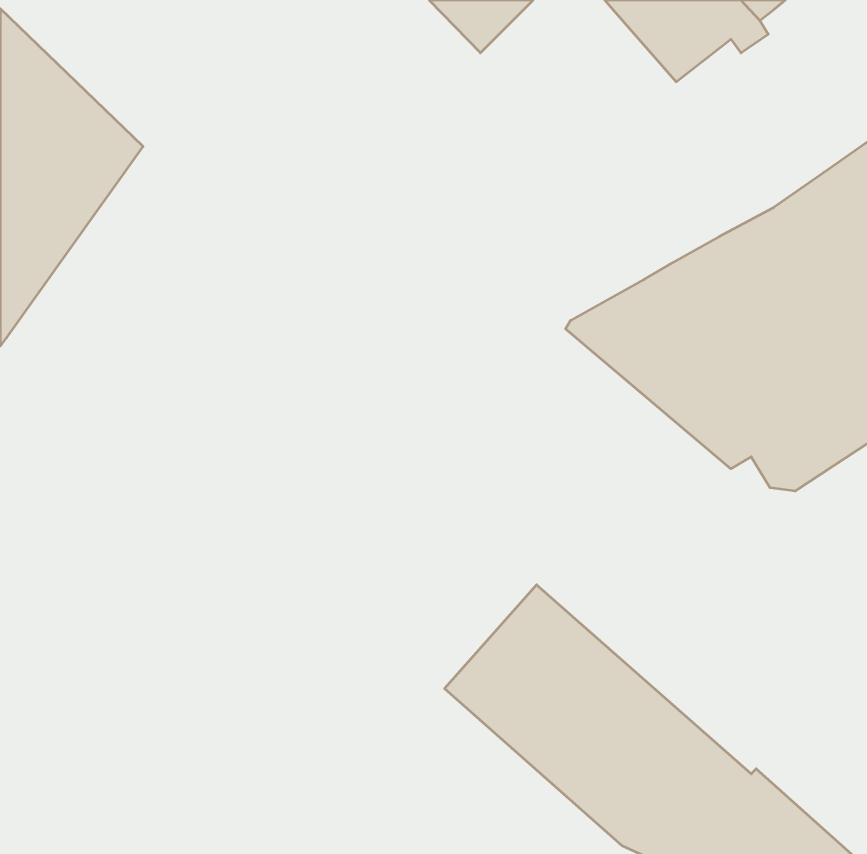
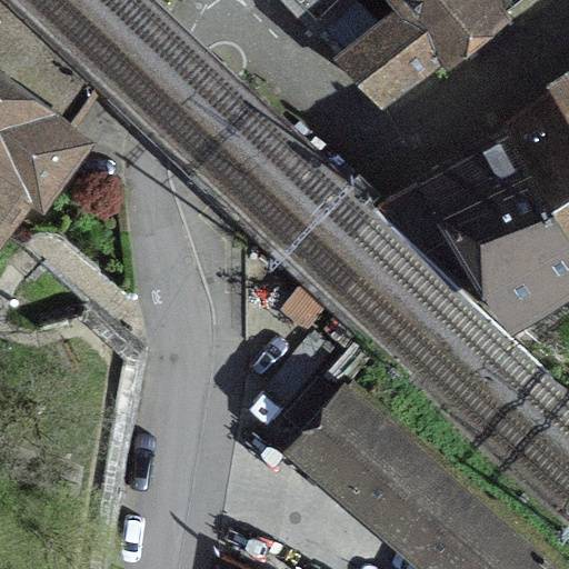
building: none -> [339,19,443,111]

